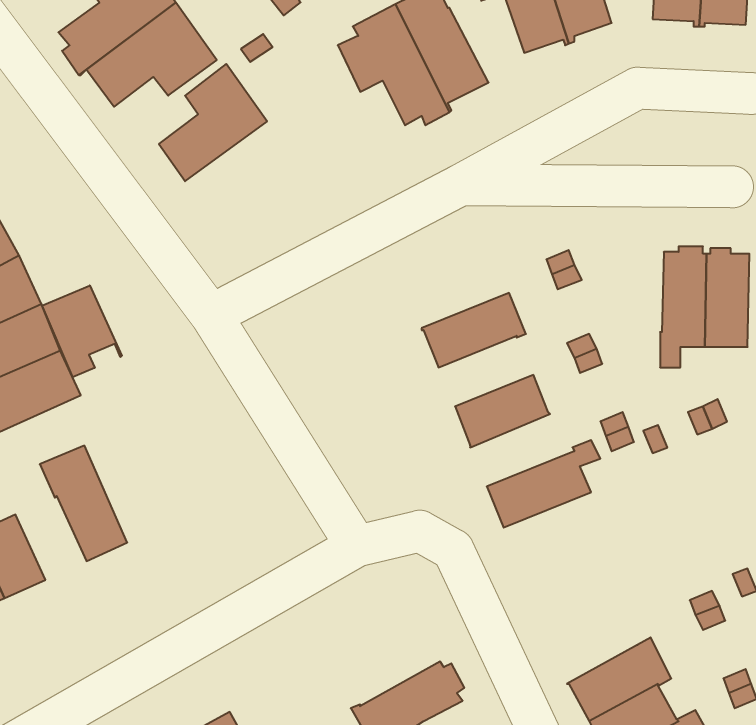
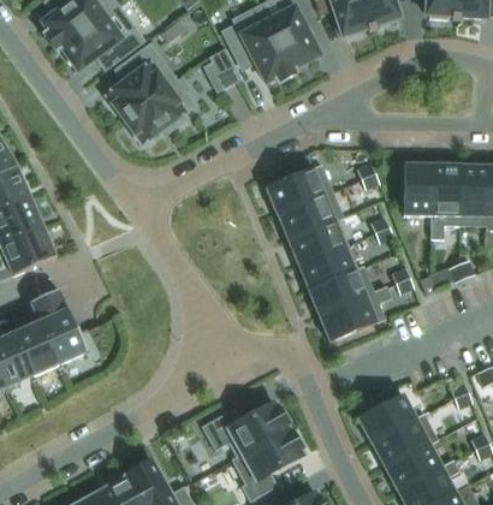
building: none -> [204,48,240,90]
building: none -> [124,77,195,142]
building: none -> [266,164,333,213]
building: none -> [403,164,433,215]
building: [42,285,122,377] -> none
building: none -> [287,218,349,263]
building: none -> [308,265,375,315]
building: none -> [14,321,60,375]
building: none -> [357,393,416,442]
building: none -> [202,403,291,457]

